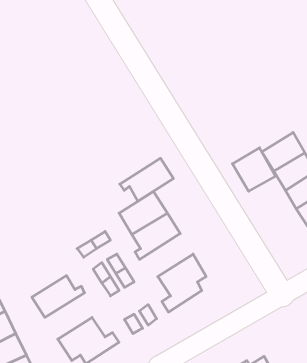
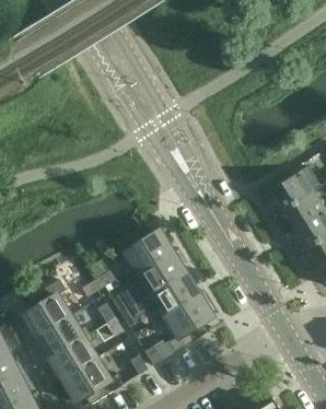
building: [232,148,276,191] -> none
building: [120,158,173,201] -> [145,272,200,316]
building: none -> [22,279,71,337]
building: none -> [49,332,97,379]

